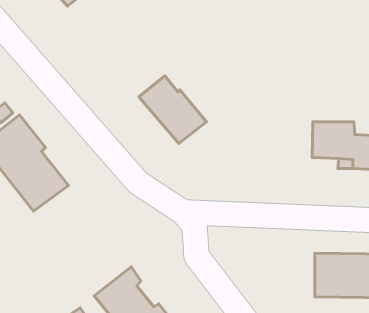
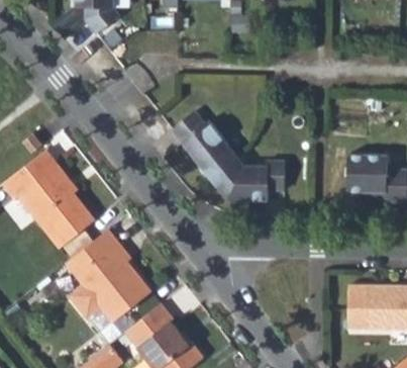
building: none -> [209,157,287,202]
building: none -> [64,231,149,324]

